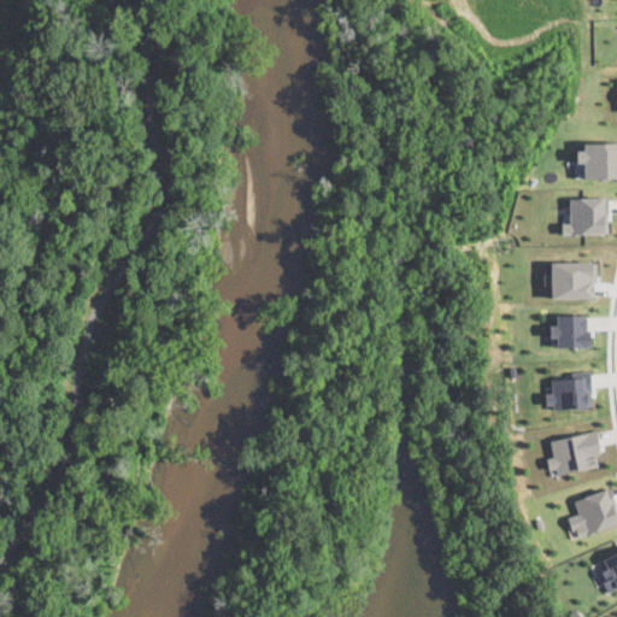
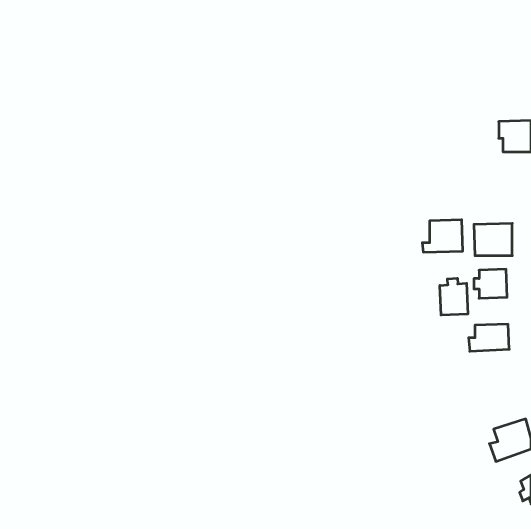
building: [560,198,607,235] -> [422,220,463,252]
building: none -> [440,278,468,315]
building: [546,433,601,477] -> none

